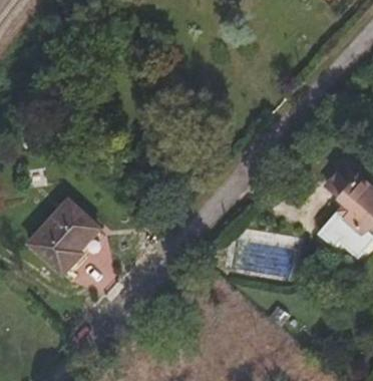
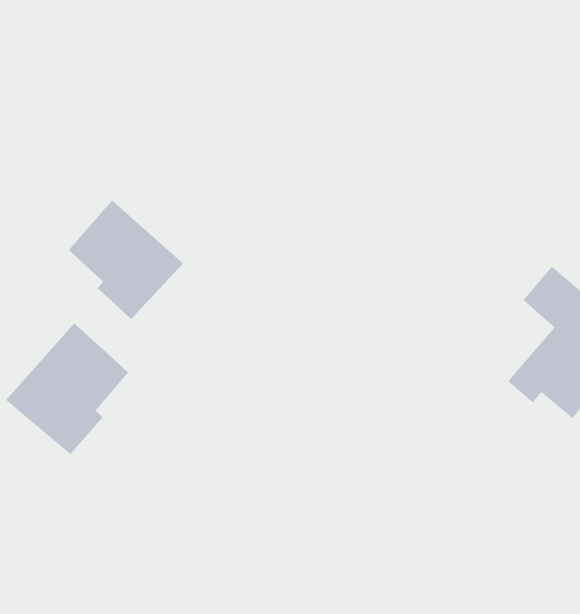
building: none -> [68,199,184,320]

